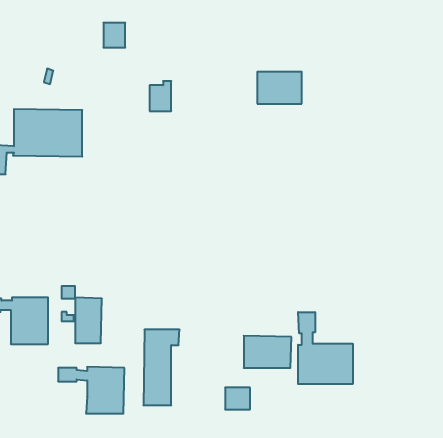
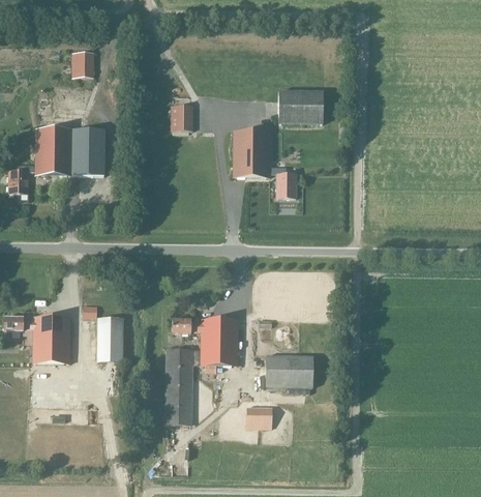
building: [103,23,125,48] -> [72,52,94,77]
building: none -> [234,129,297,197]
building: [298,312,353,384] -> none
building: [58,367,124,414] -> [173,318,239,364]

